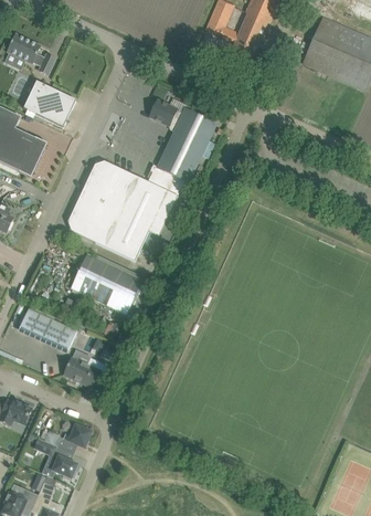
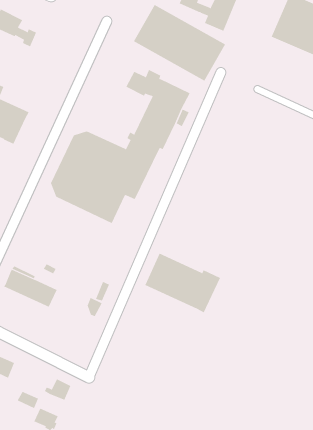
building: none -> [133,4,226,82]
building: [23,81,75,126] -> none
building: [71,254,151,318] -> [144,253,221,313]
building: [63,349,108,388] -> none

